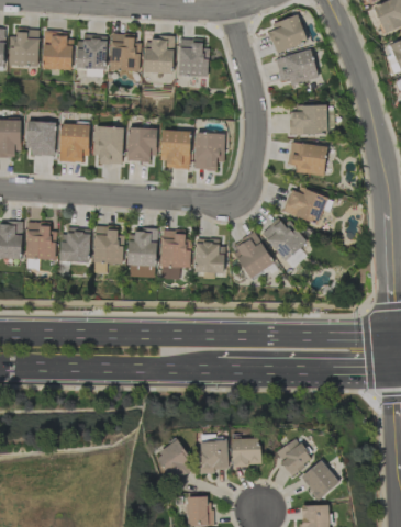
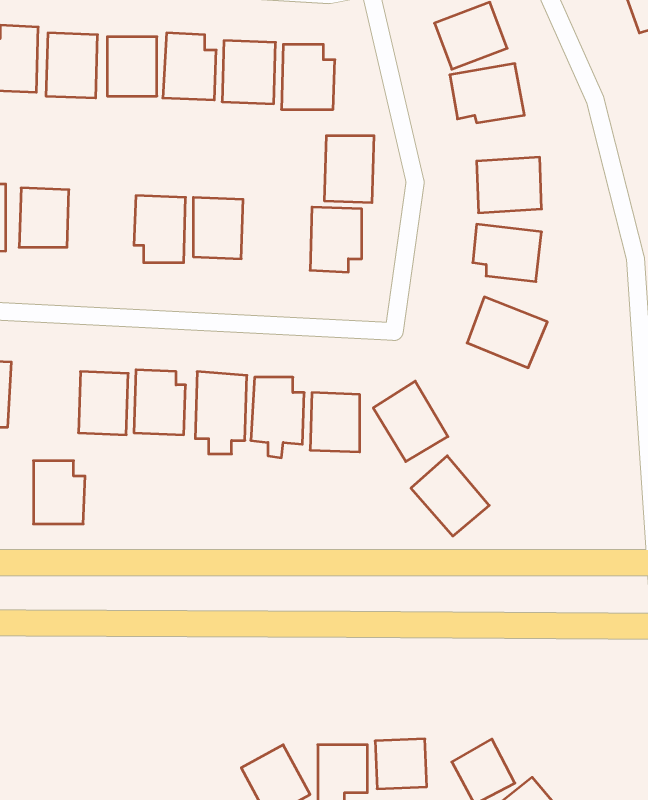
building: [59,124,88,162] -> none
building: [161,131,190,169] -> [324,136,374,203]
building: [260,215,305,261] -> [411,456,489,536]
building: [26,223,56,259] -> [33,461,85,524]

